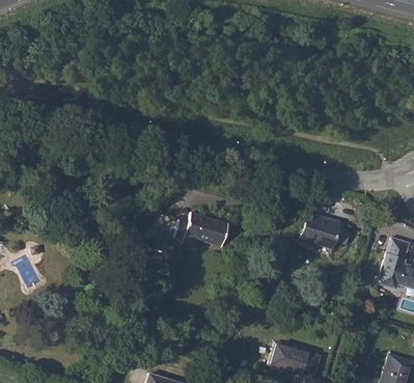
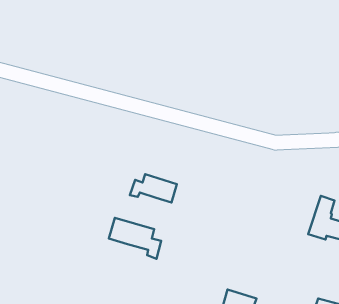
building: [300,213,338,246] -> none
building: none -> [109,218,161,259]

